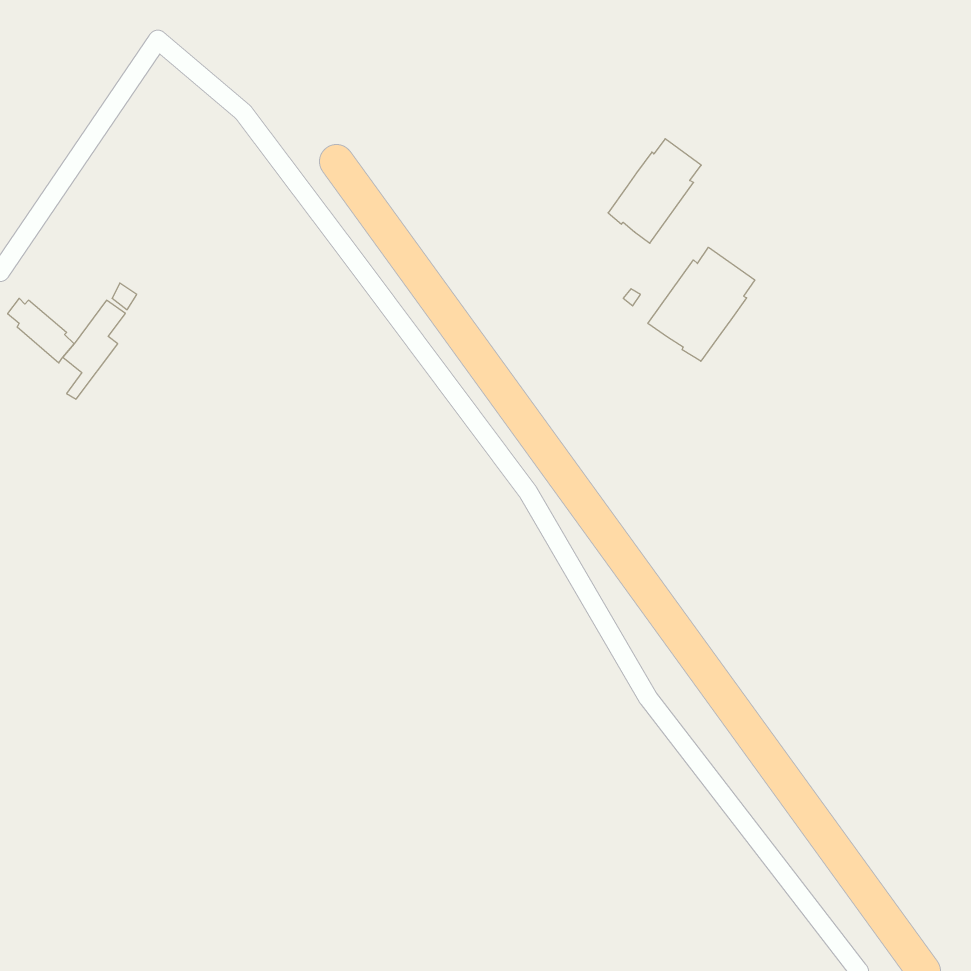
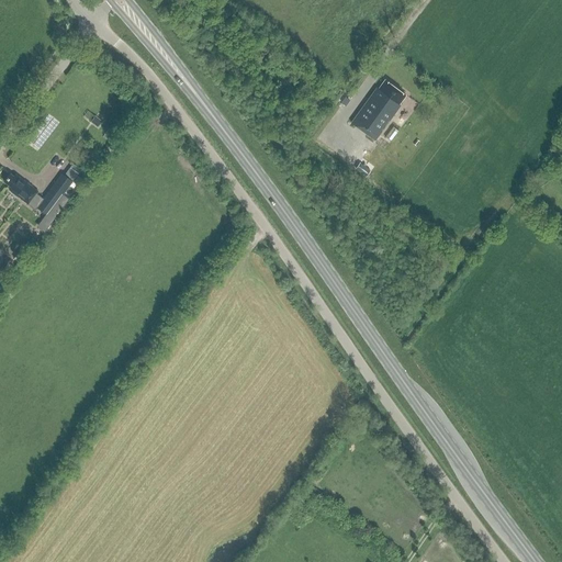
building: [648,247,755,361] -> none

